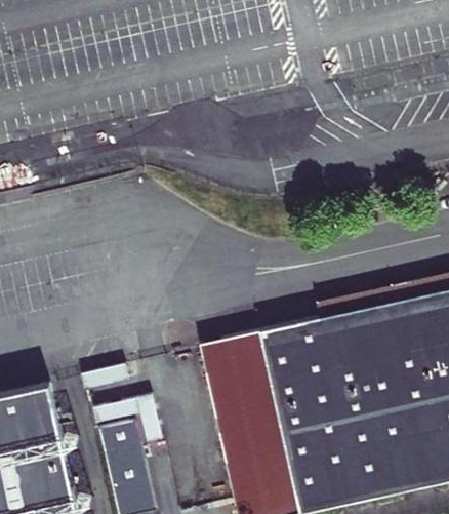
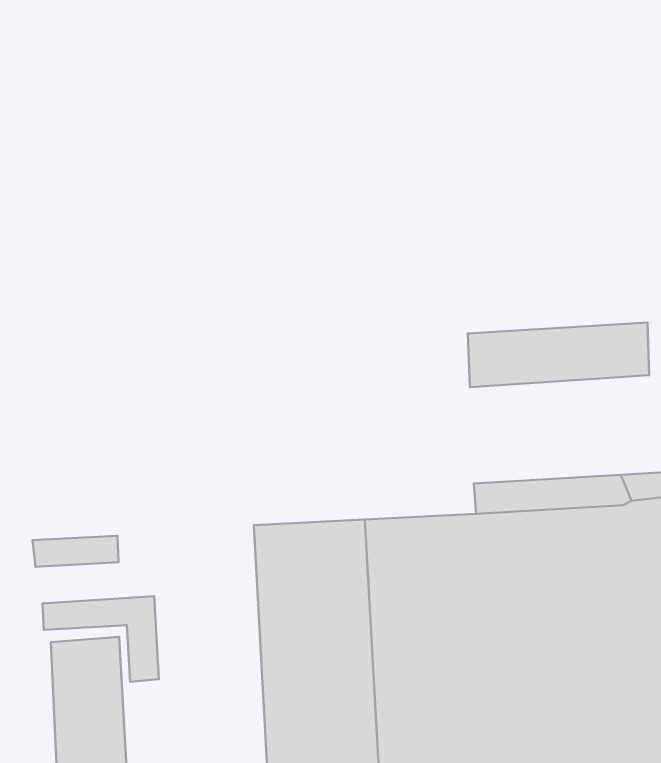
building: none -> [468,323,649,387]

